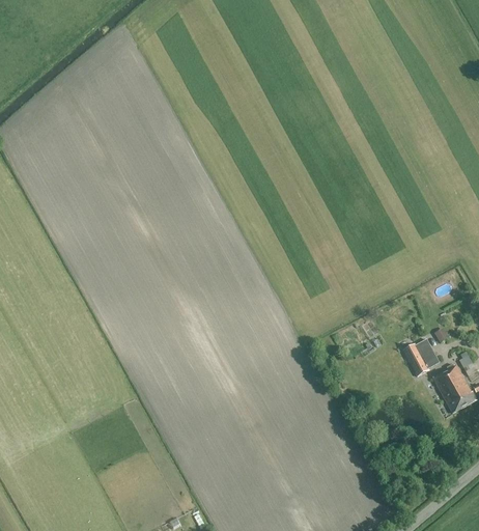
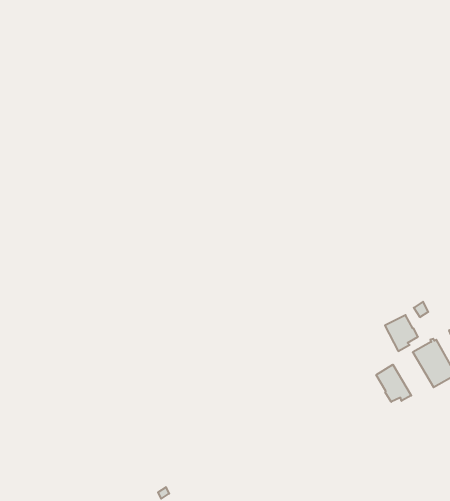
building: none -> [376,365,411,402]

